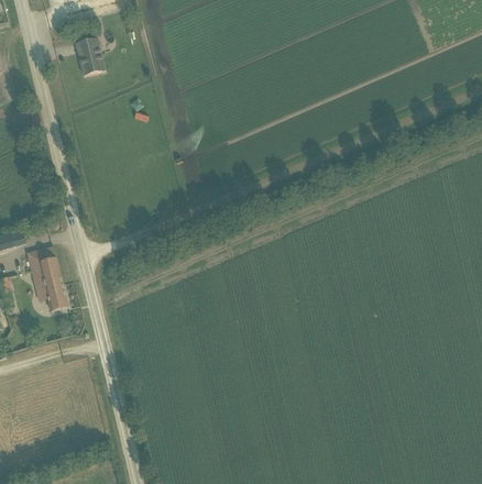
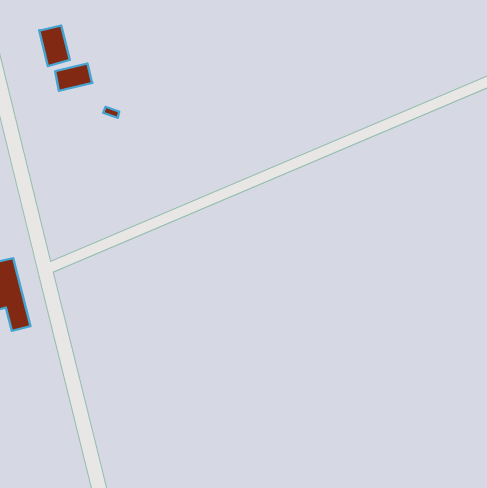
building: none -> [55,64,93,91]

